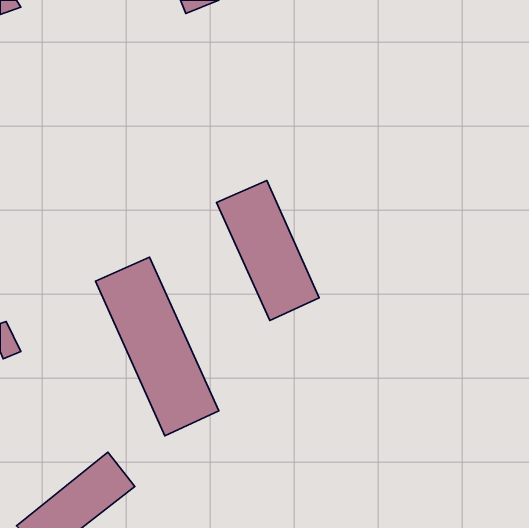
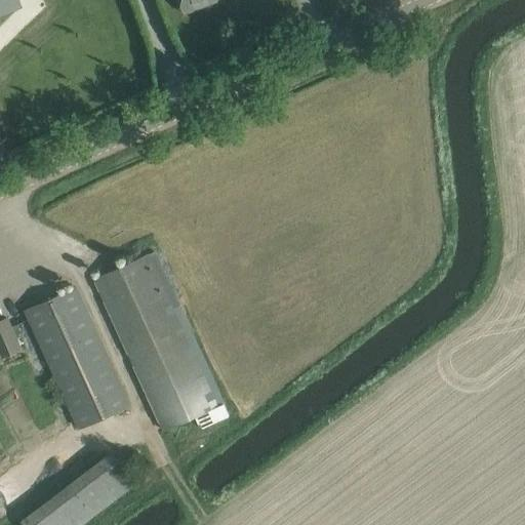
building: [217,180,319,320] -> none
building: none -> [26,288,130,430]

